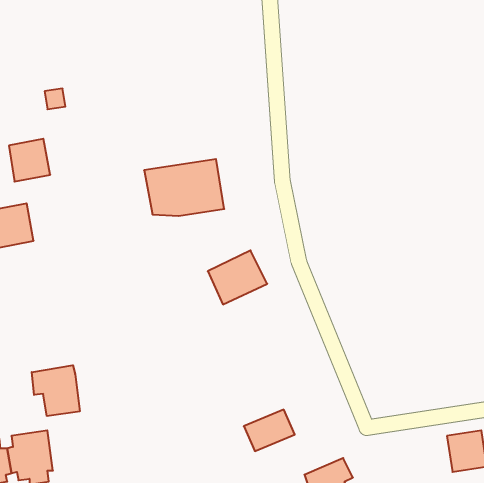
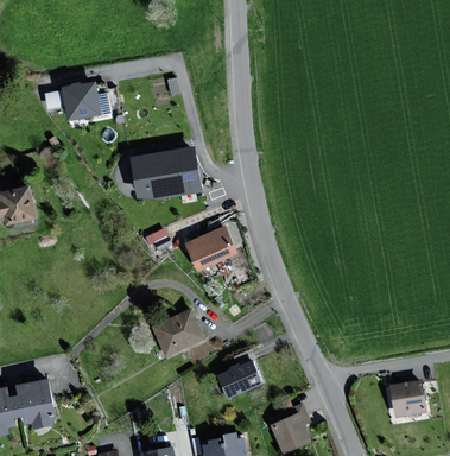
building: [9,139,50,182] -> [63,82,99,119]
building: none -> [151,310,203,356]
building: [32,365,80,416] -> none

